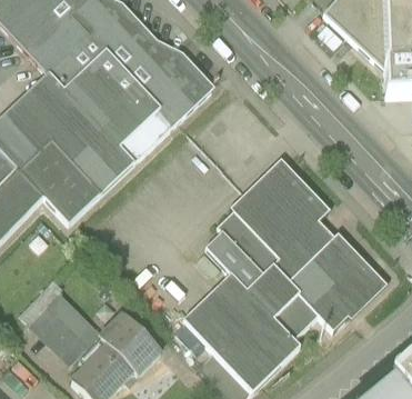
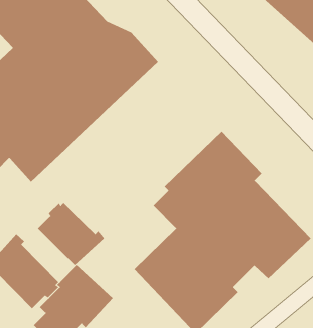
building: none -> [37,202,105,266]

